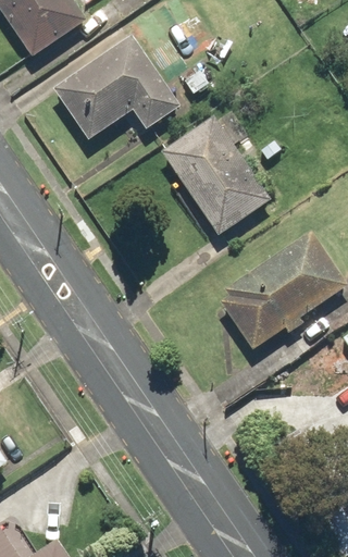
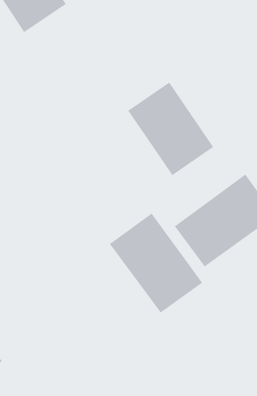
building: [54,36,178,139] -> none
building: none -> [109,212,203,314]

